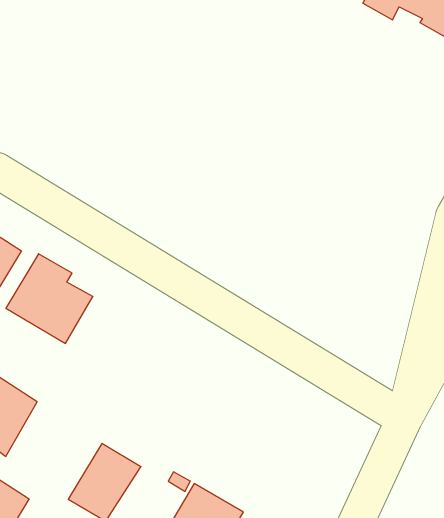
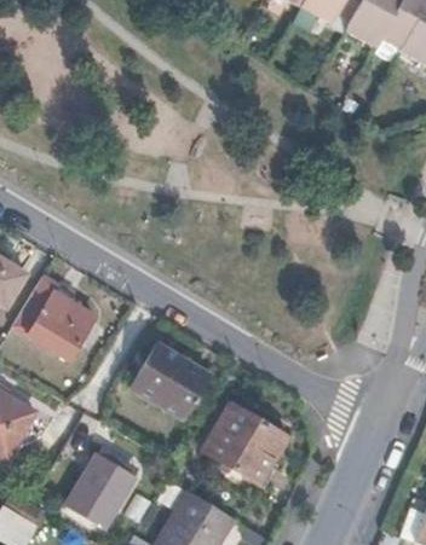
building: none -> [132,342,209,416]
building: none -> [203,405,287,485]

